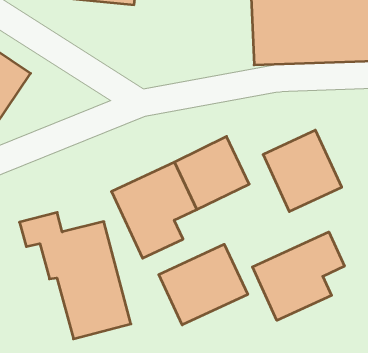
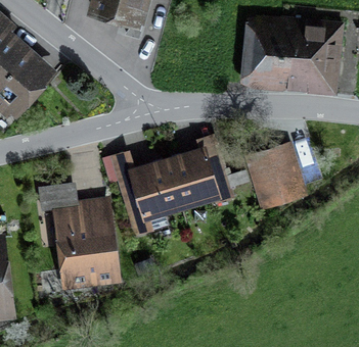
building: [252,232,344,320] -> none
building: [159,244,248,325] -> none

